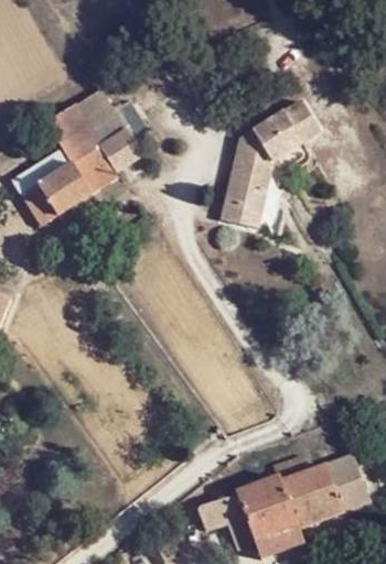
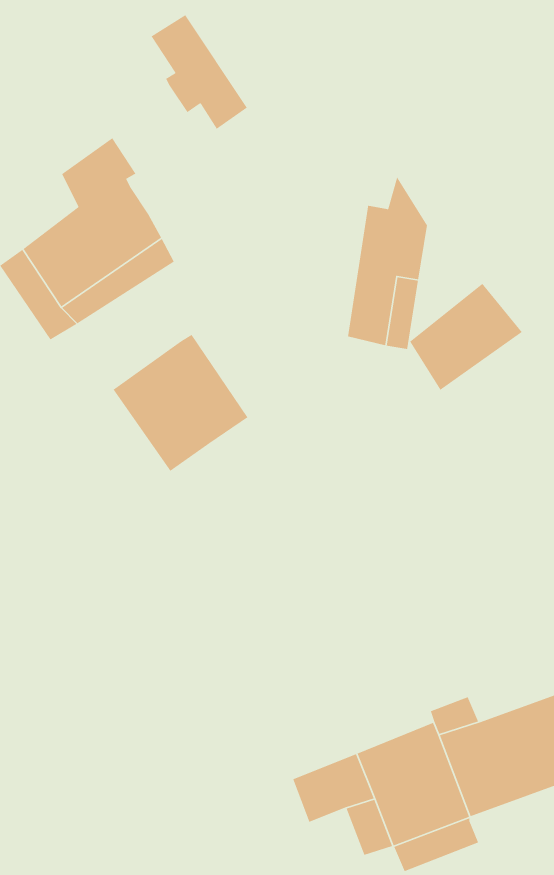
building: [84,99,142,169] -> [151,14,248,130]
building: [255,100,323,165] -> [409,283,523,391]
building: none -> [112,334,249,472]

